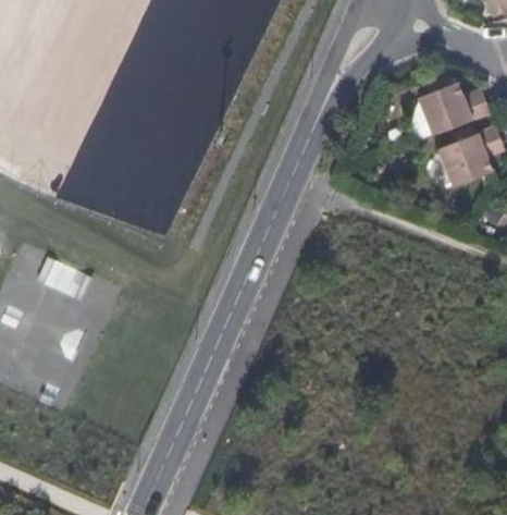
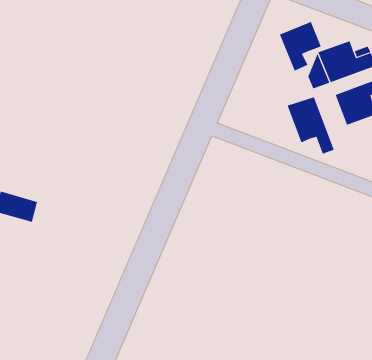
building: none -> [279,21,322,71]
building: none -> [287,96,334,154]

